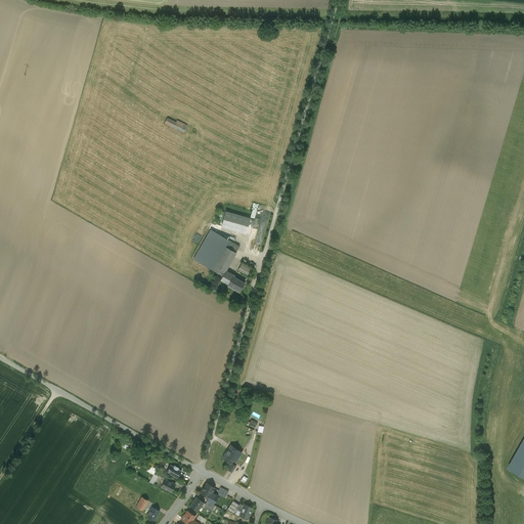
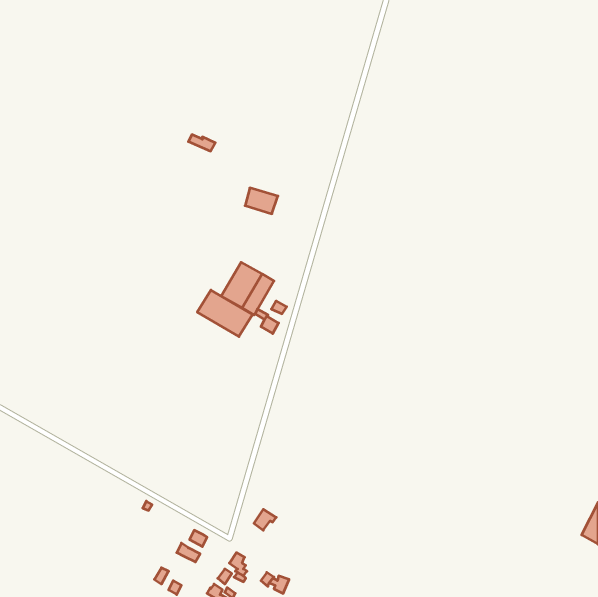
building: [221,212,250,234] -> [245,188,278,214]
building: none -> [197,290,253,337]

